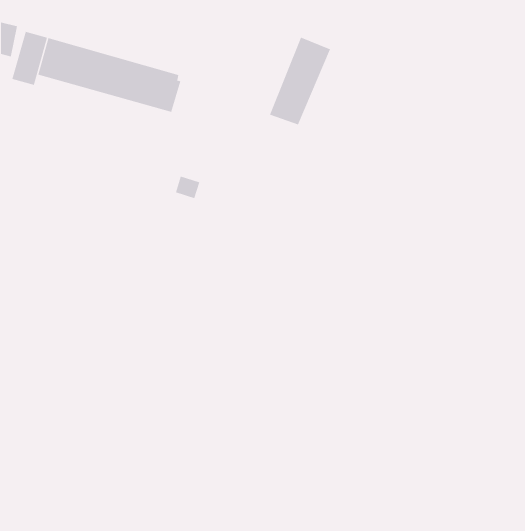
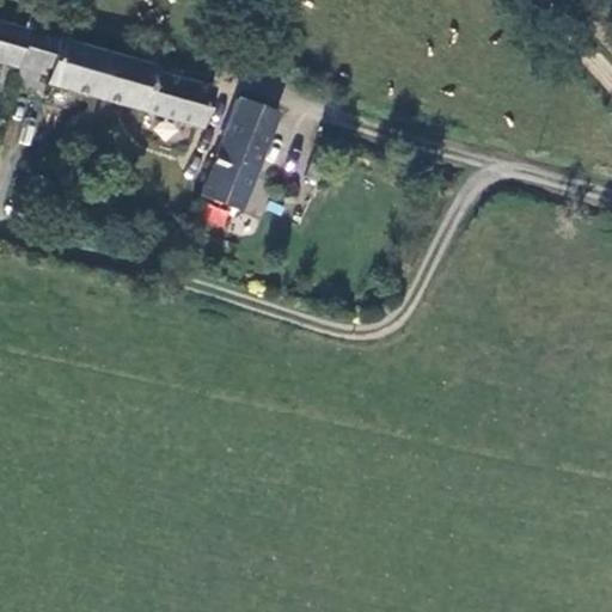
building: [269,37,331,125] -> [204,99,275,201]

